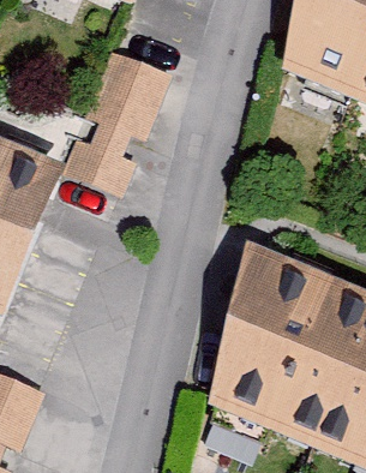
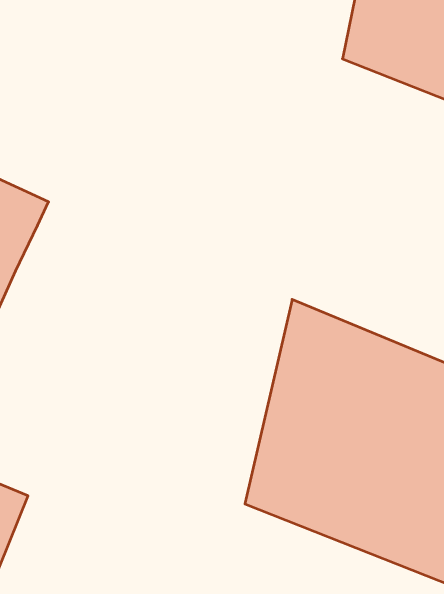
building: [62,49,173,196] -> none

